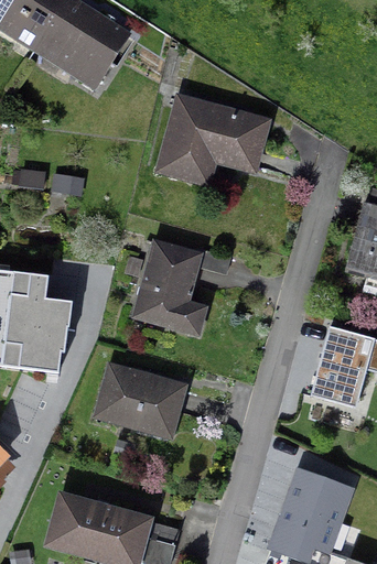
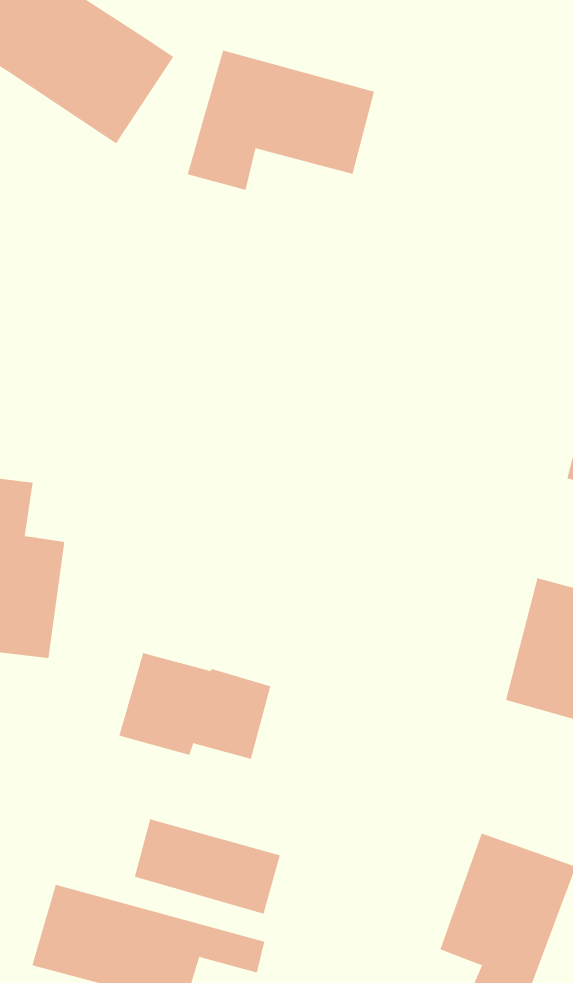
building: [160,99,265,177] -> [187,50,375,190]
building: [136,243,230,332] -> none
building: none -> [134,819,280,915]

